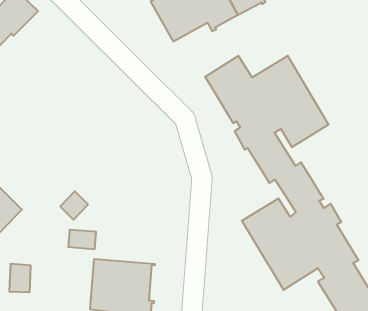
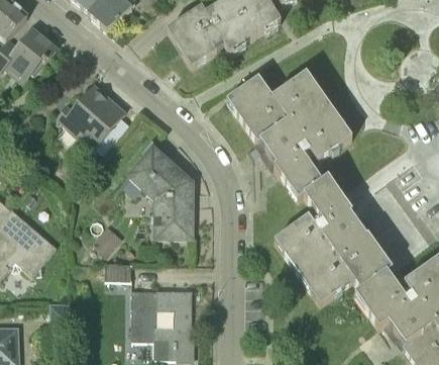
building: none -> [56,76,125,149]
building: none -> [126,141,192,236]

